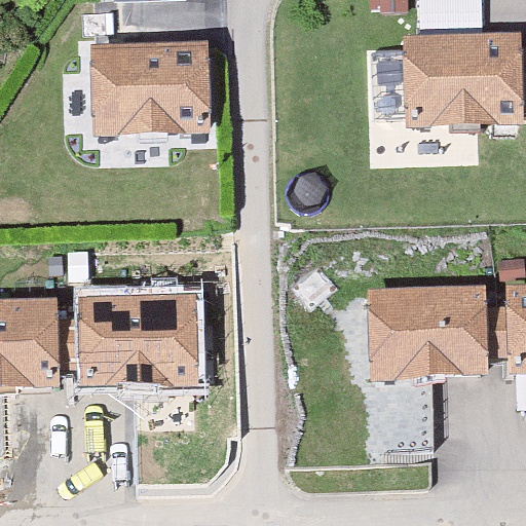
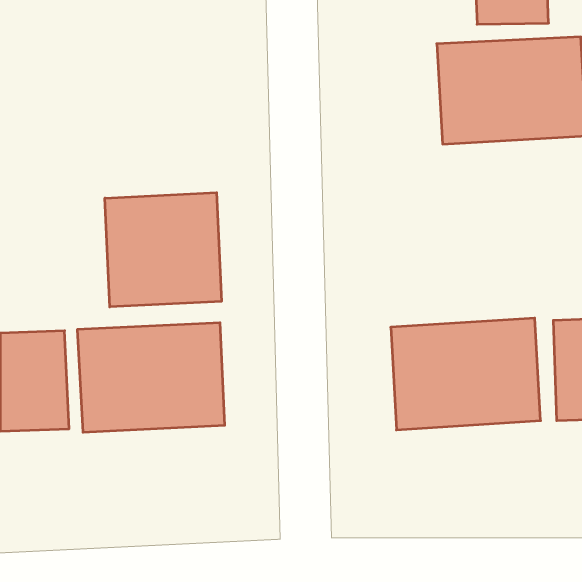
building: [89,41,211,134] -> none
building: none -> [105,193,221,307]

